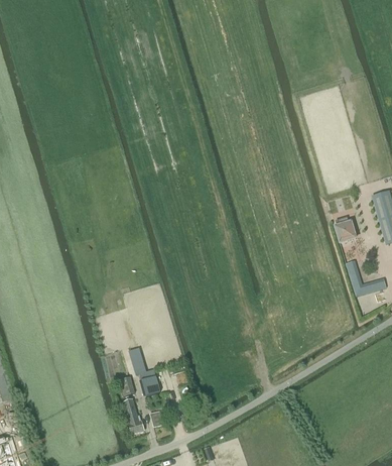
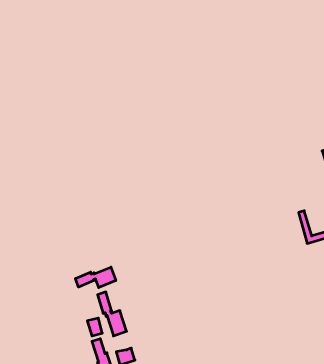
building: [336,216,357,242] -> none
building: none -> [75,267,116,288]

